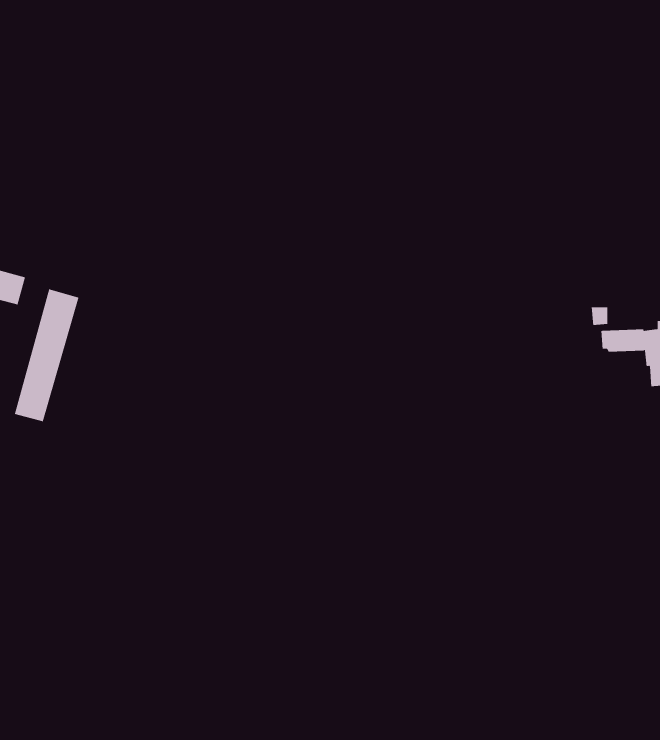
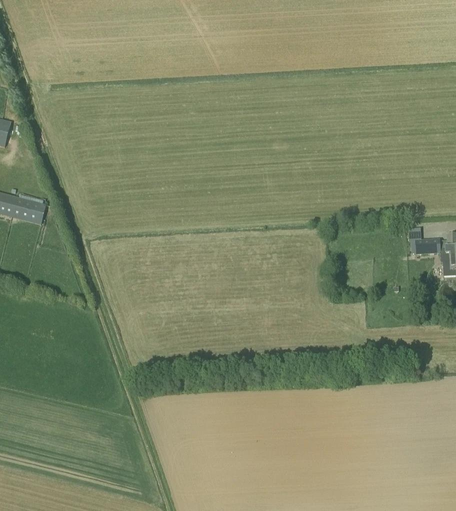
building: [14,289,79,422] -> none

